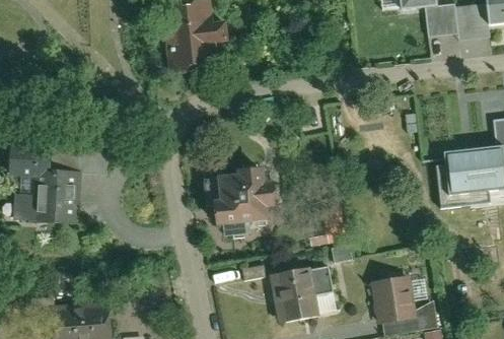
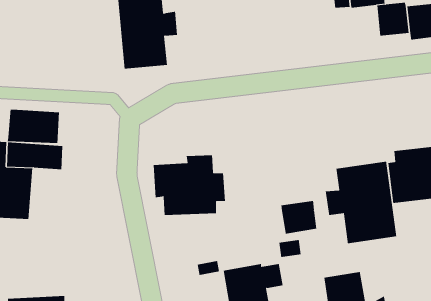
building: none -> [7,109,60,144]
building: none -> [325,161,397,244]
building: none -> [281,200,317,234]

